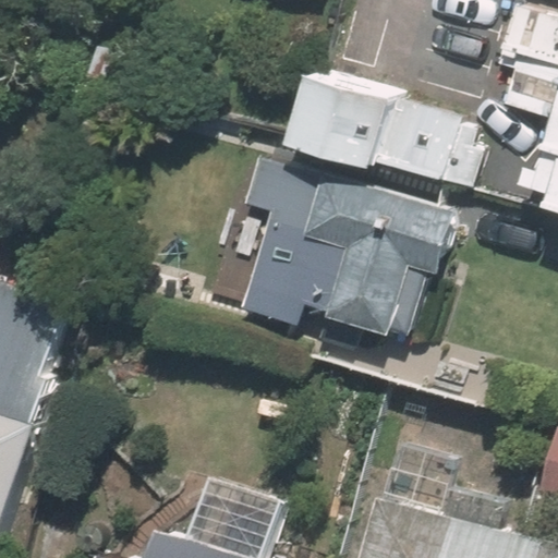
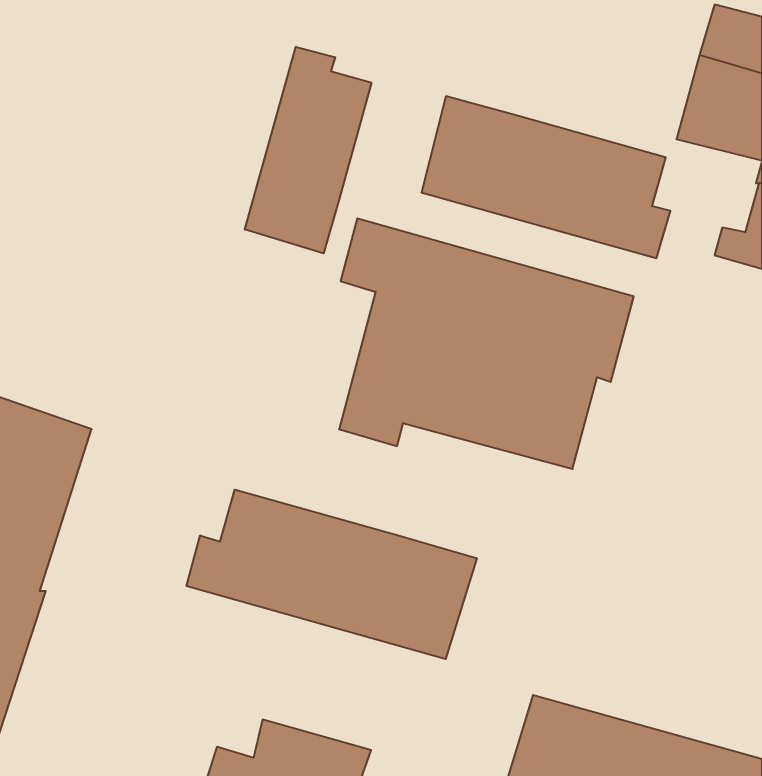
building: none -> [245,47,371,253]
building: none -> [187,490,477,659]

